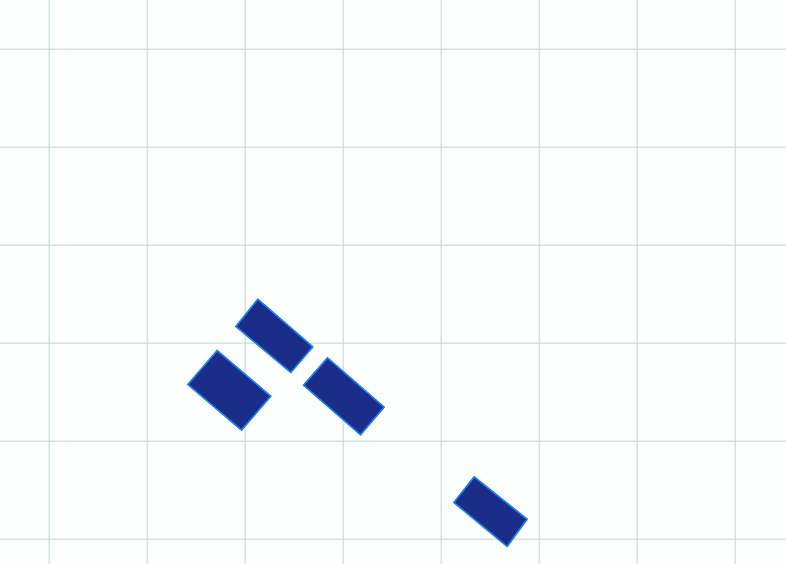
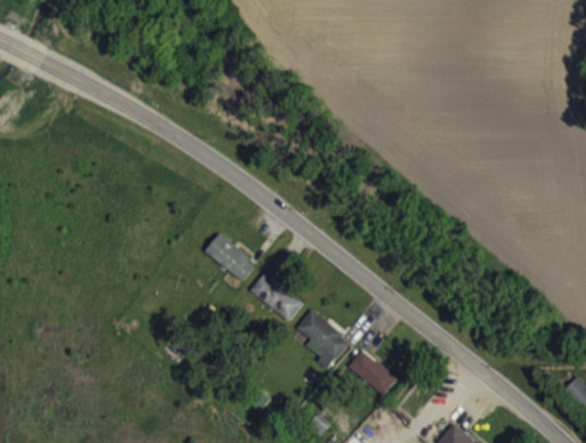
building: [188,350,271,430] -> none
building: none -> [295,310,349,366]

